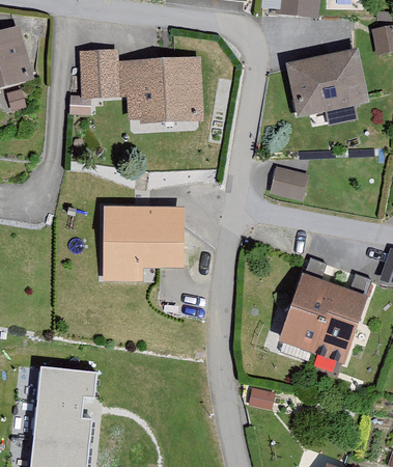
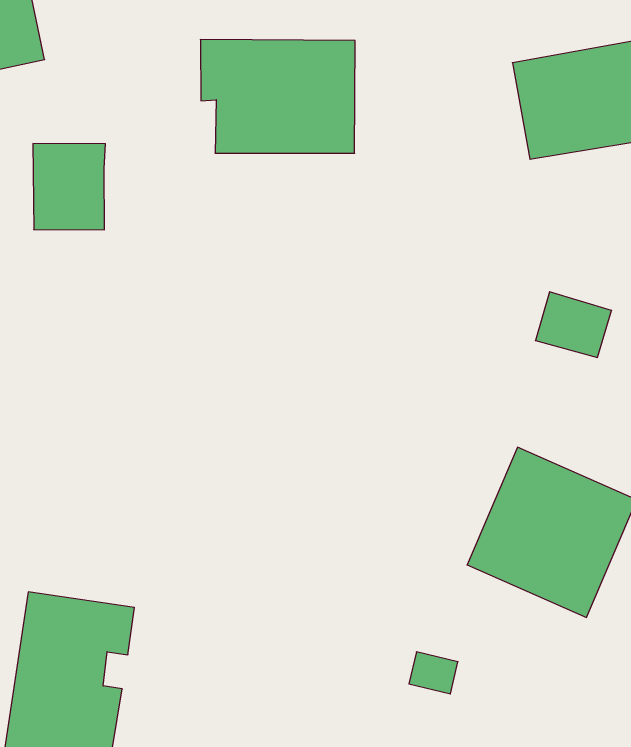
building: [77,48,118,97] -> [33,144,105,230]
building: [269,165,309,199] -> [535,292,612,357]
building: [104,205,183,280] -> none

